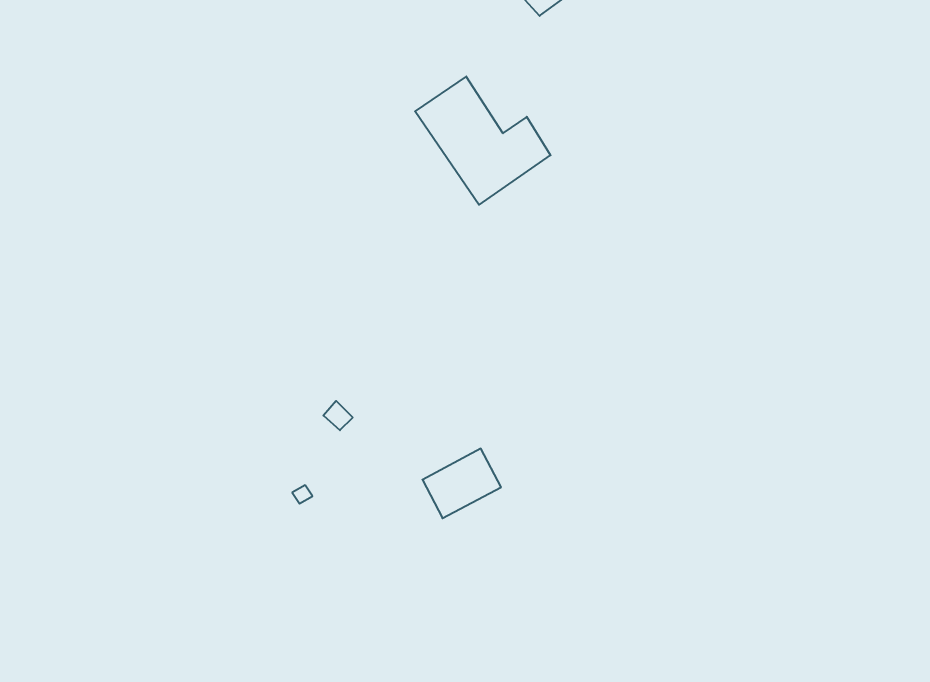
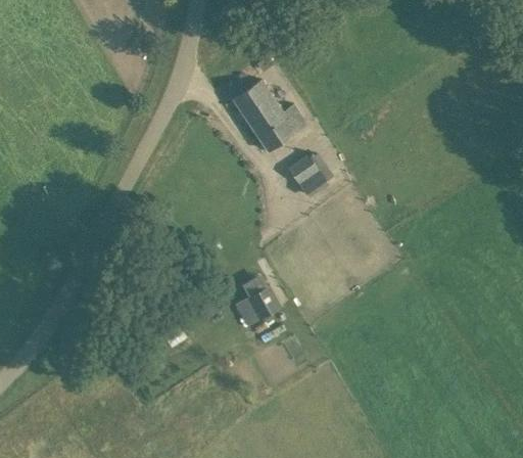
building: none -> [288,152,325,193]

